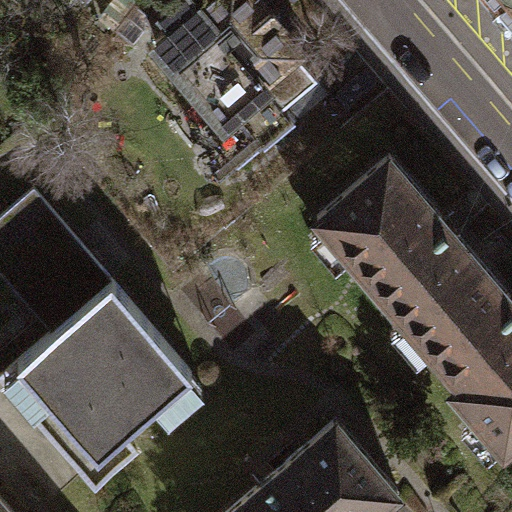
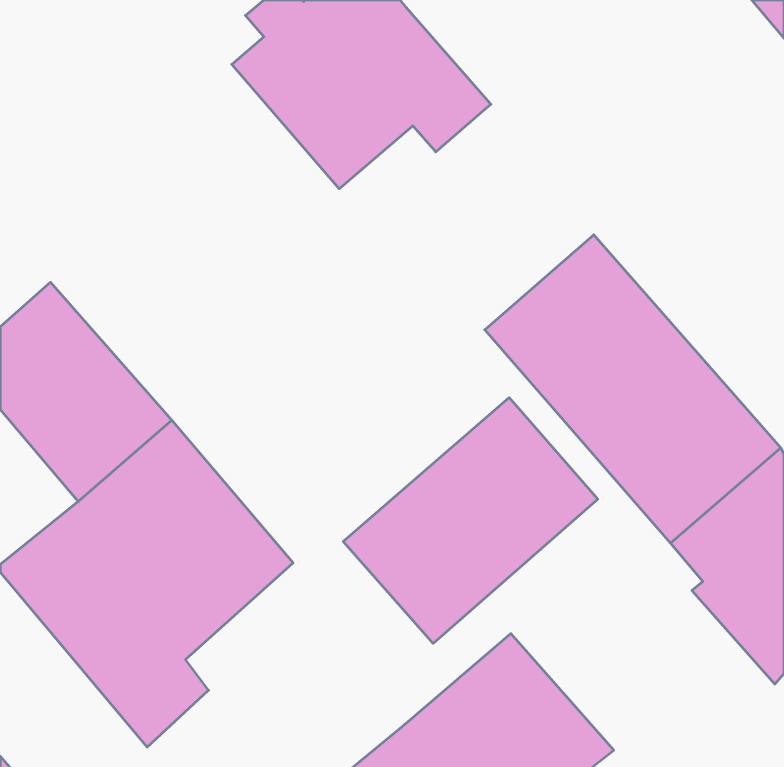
building: none -> [343,398,598,643]

